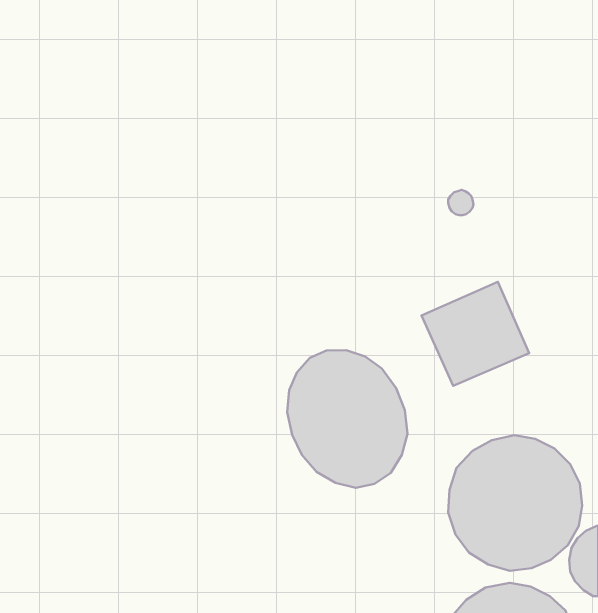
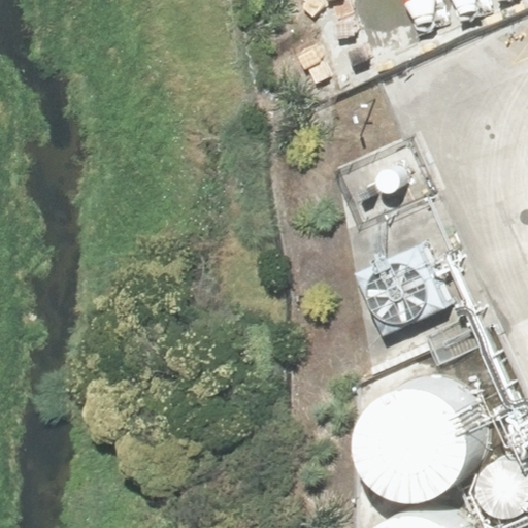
building: [287,350,408,488] -> none

